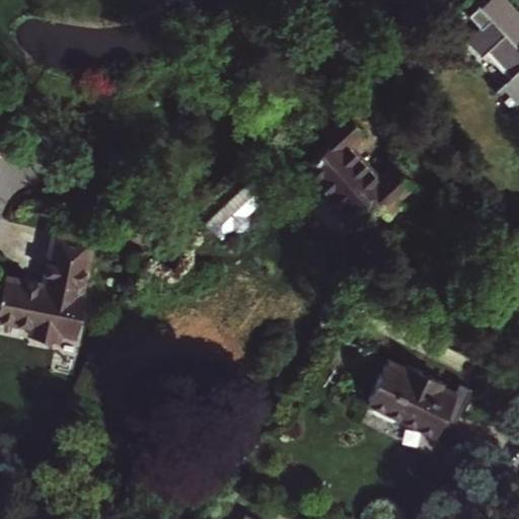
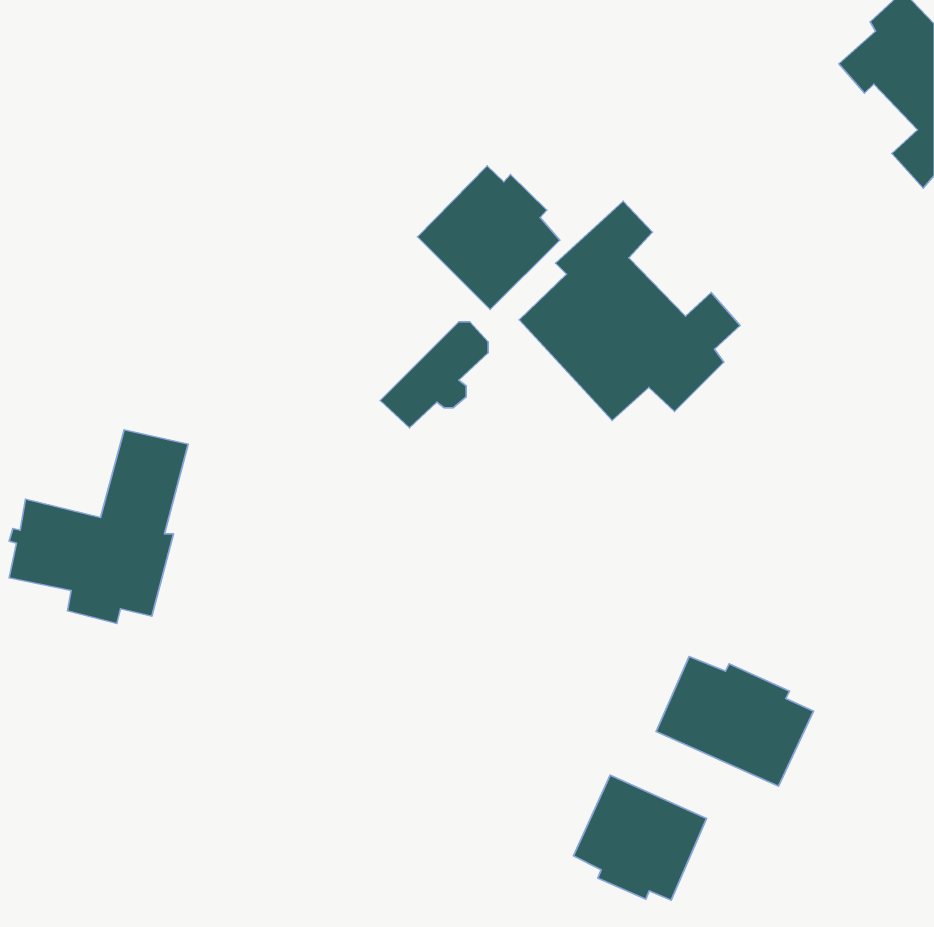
building: none -> [417,166,560,309]
building: none -> [574,775,707,900]

